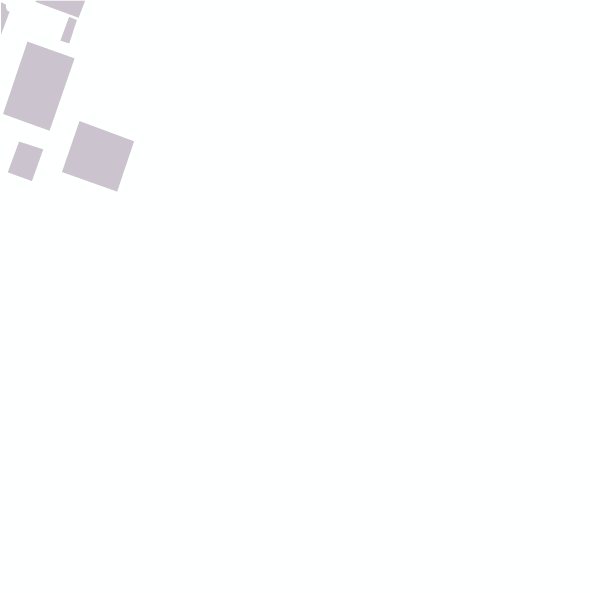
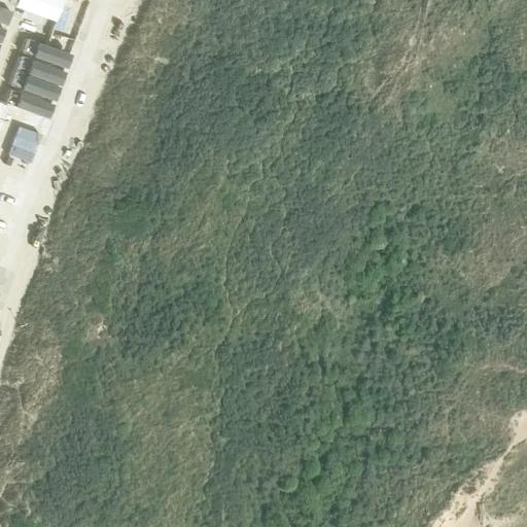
building: [61,120,135,192] -> none

